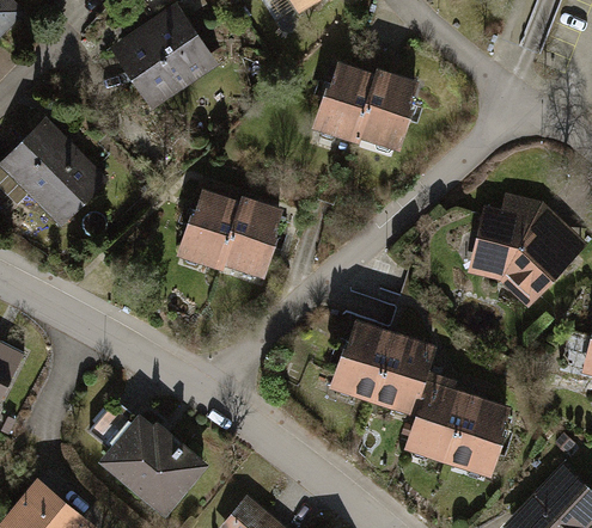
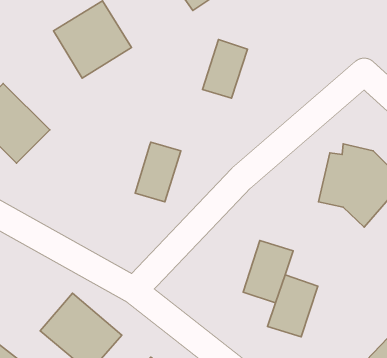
building: [353,73,416,153] -> none
building: [175,190,242,274] -> none
building: [328,320,391,404] -> none
building: [447,395,514,479] -> none

